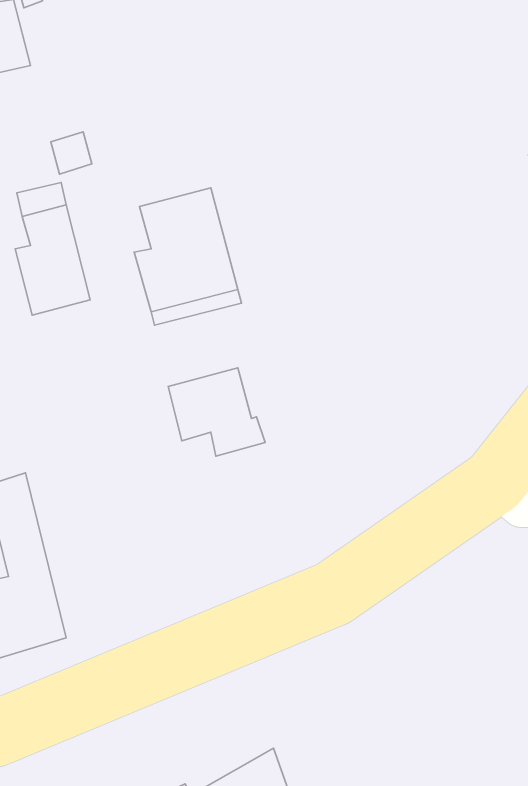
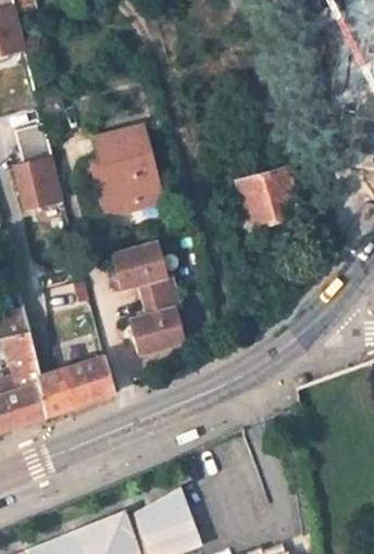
building: none -> [236,171,298,228]
building: none -> [129,291,184,354]
building: none -> [37,354,112,416]

